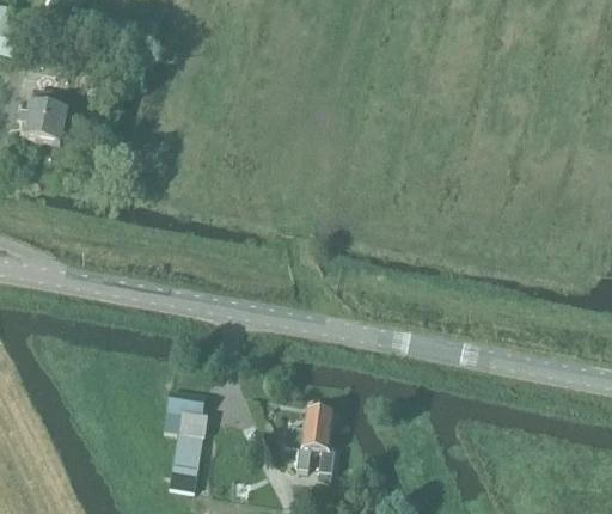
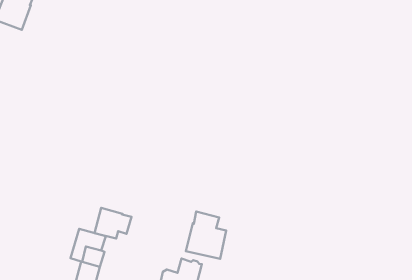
building: none -> [186,212,226,259]
building: none -> [94,208,132,238]

